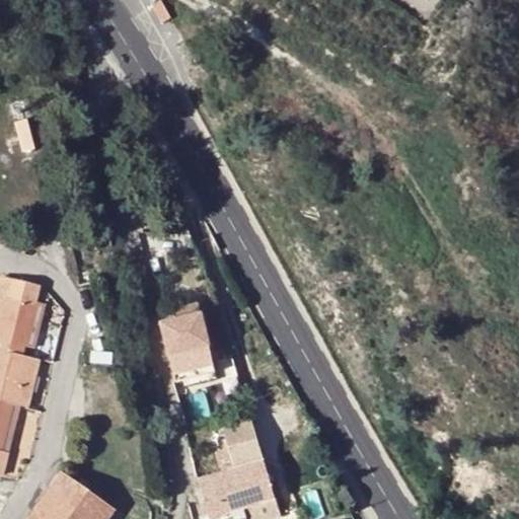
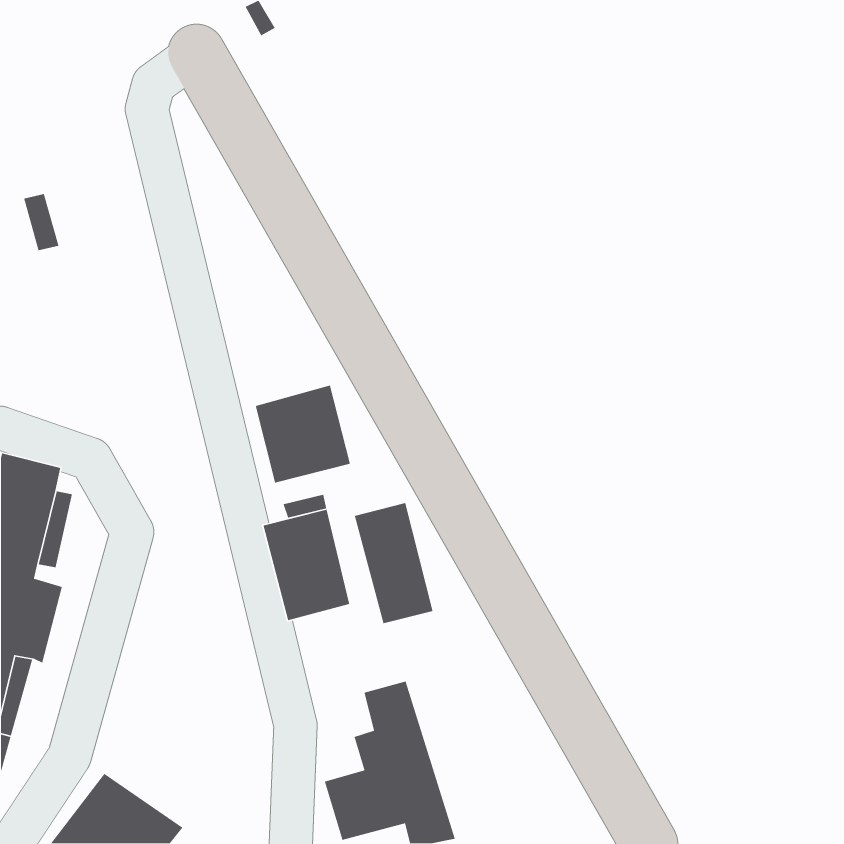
building: none -> [255,384,351,484]
building: none -> [354,502,434,624]

